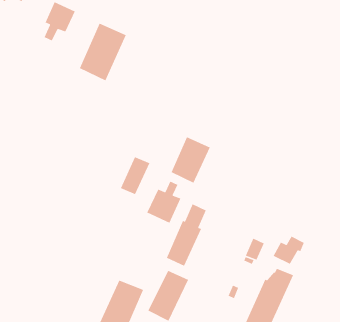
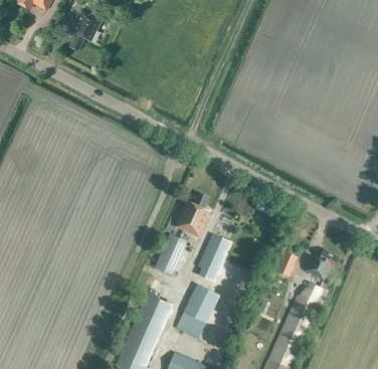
building: [79,23,127,82] -> none
building: [170,136,211,184] -> none
building: [120,156,150,195] -> [155,234,186,274]

